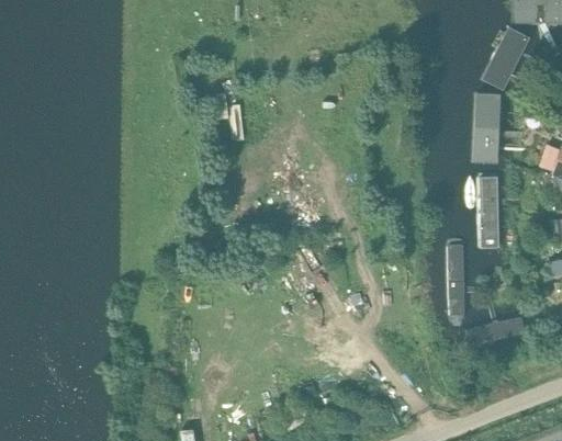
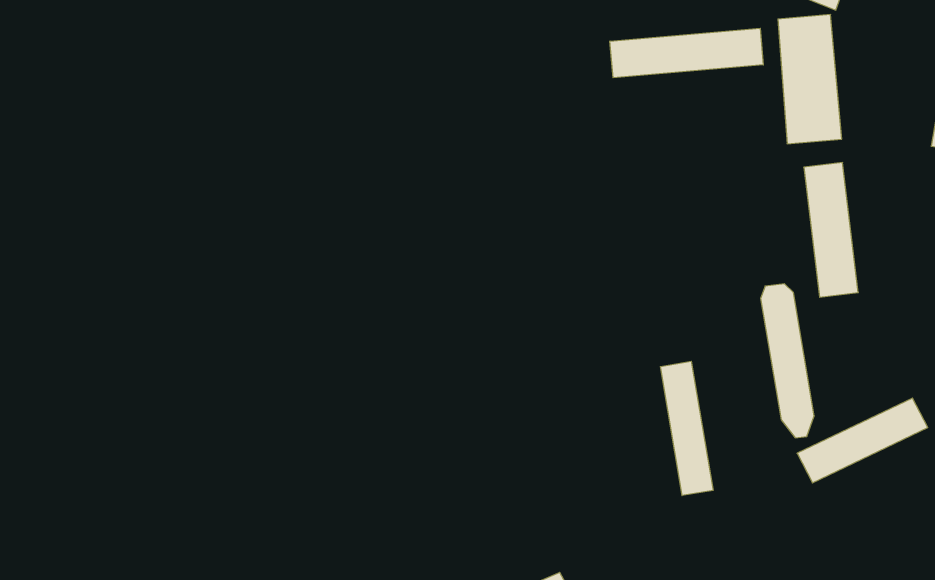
building: none -> [610,28,763,78]
building: none -> [660,361,713,496]

